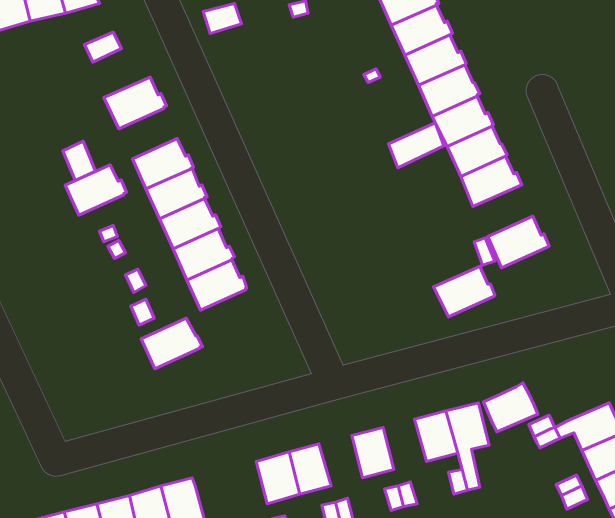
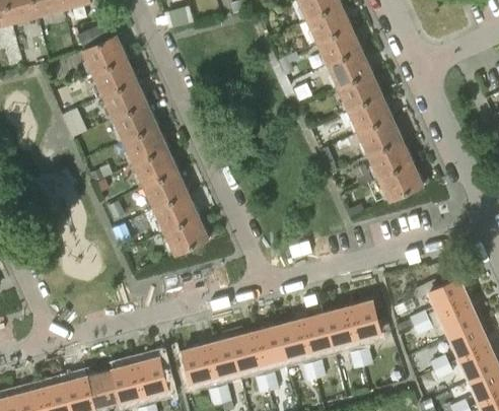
building: none -> [82,36,129,74]
building: [388,123,444,168] -> none
building: [65,165,126,215] -> [103,82,149,120]
building: [433,265,495,317] -> [367,139,413,178]
building: [141,318,203,369] -> [164,217,210,255]
building: [483,383,538,432] -> [428,278,469,315]
building: none -> [300,314,333,351]
building: none -> [253,326,285,363]
building: none -> [182,345,214,383]

